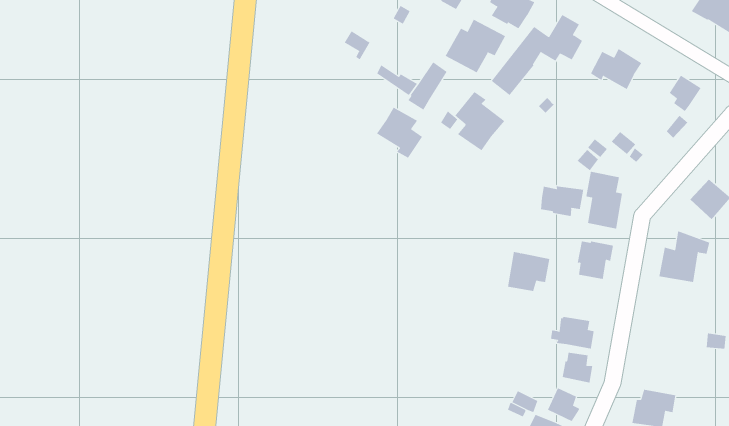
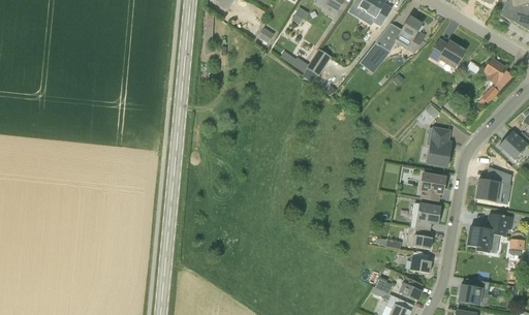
building: [445,19,506,73] -> none
building: [455,91,505,151] -> none
building: [376,107,423,159] -> none
building: [541,185,584,217] -> none
building: [507,251,550,291] -> [411,201,441,229]
building: none -> [468,213,514,252]

